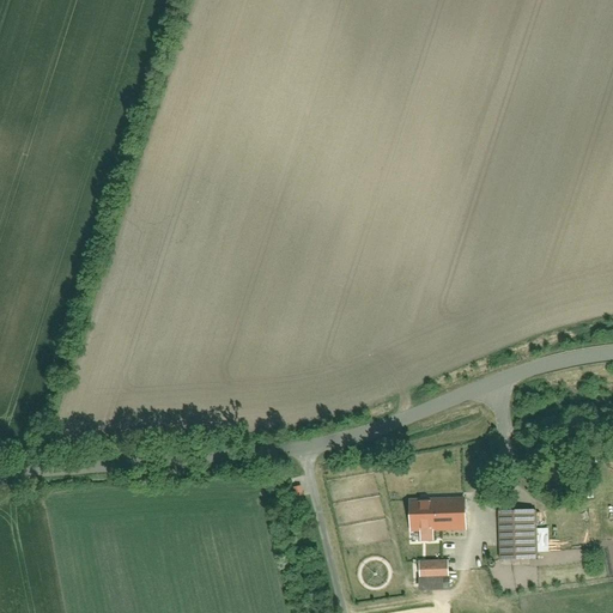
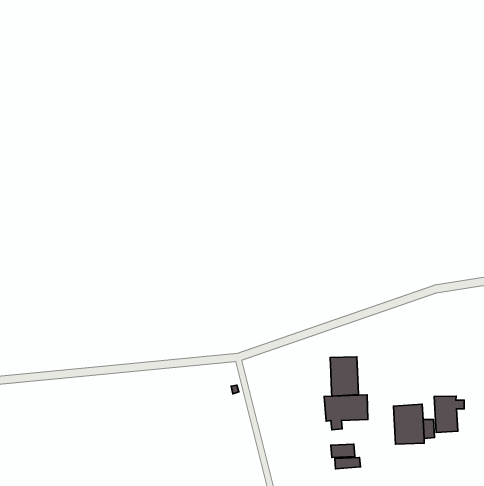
building: none -> [330,357,359,396]
building: none -> [434,396,464,432]

